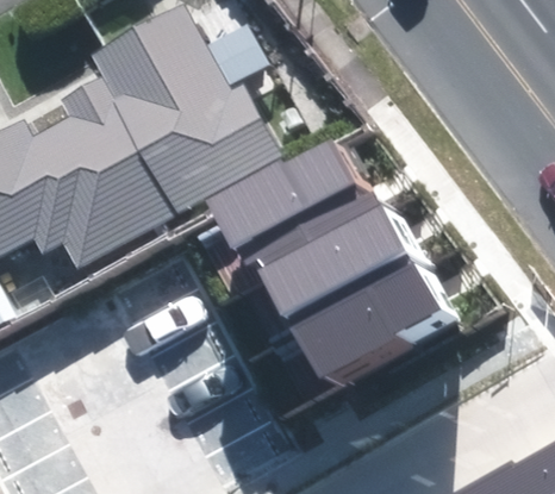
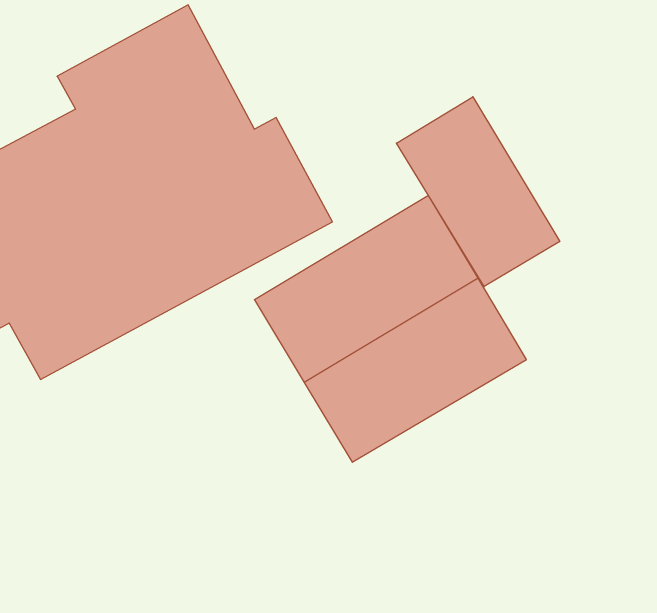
building: none -> [396,97,560,287]
building: [293,261,453,393] -> none

